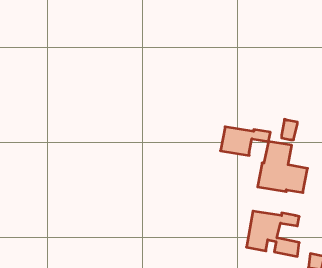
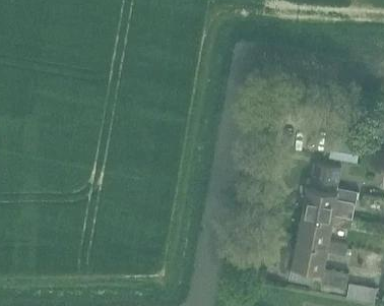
building: [220,127,270,155] -> [299,212,354,244]

